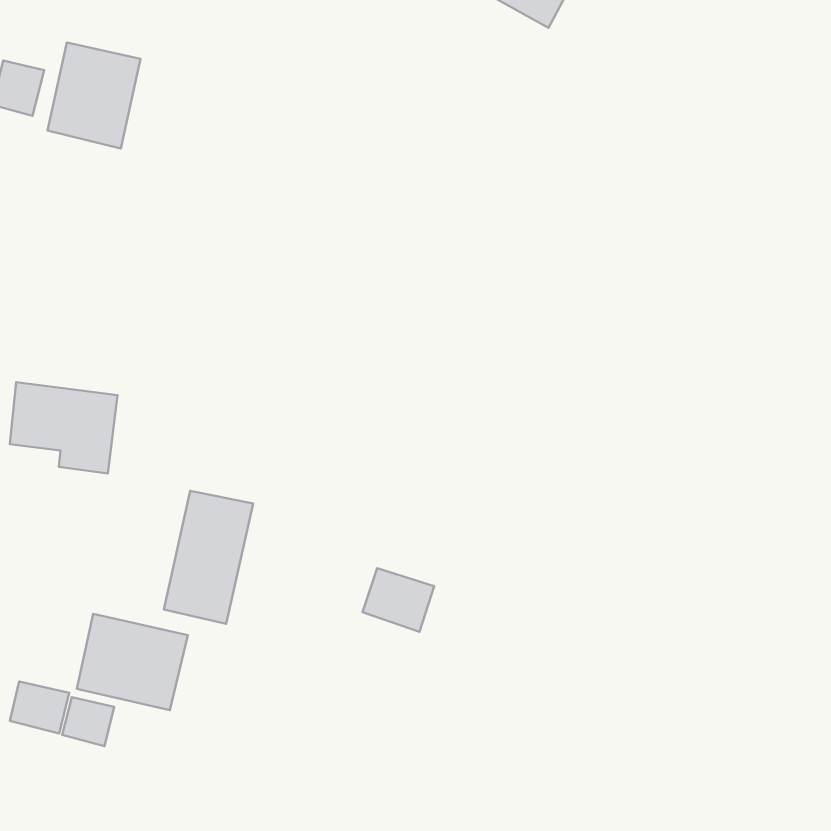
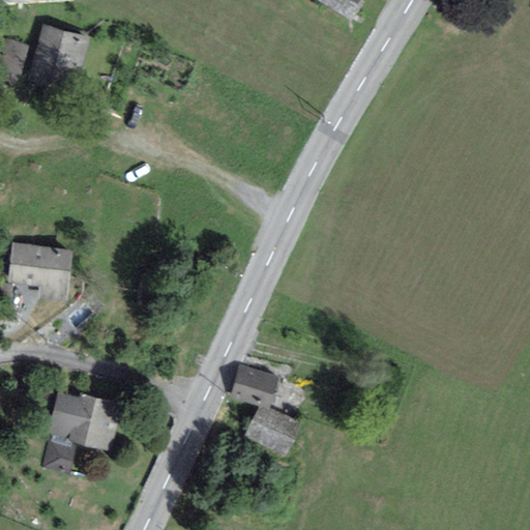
building: [164,491,253,624] -> none
building: none -> [243,401,298,451]
building: [10,681,69,733] -> none

